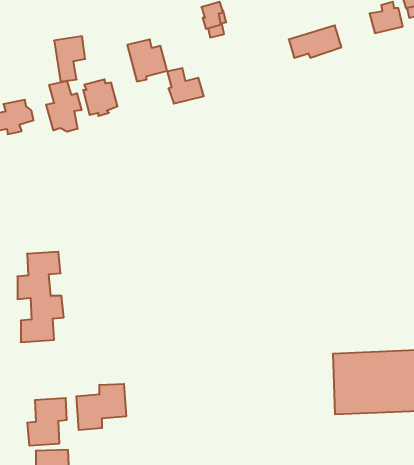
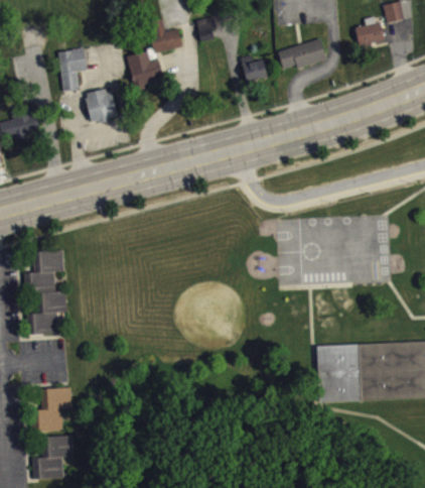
building: none -> [241,54,268,82]
building: [167,68,204,104] -> [149,19,183,52]
building: [46,81,81,132] -> none
building: [76,384,126,430] -> none

